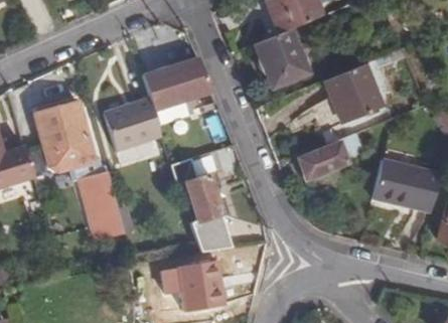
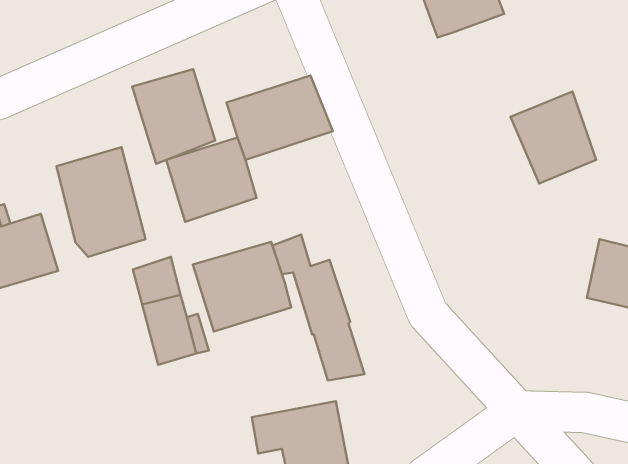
building: [255,29,307,88] -> none
building: none -> [132,69,215,164]
building: [301,133,364,175] -> none
building: none -> [193,242,291,331]

